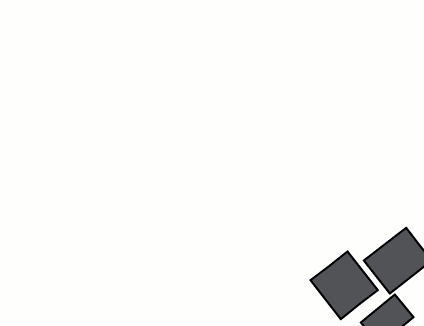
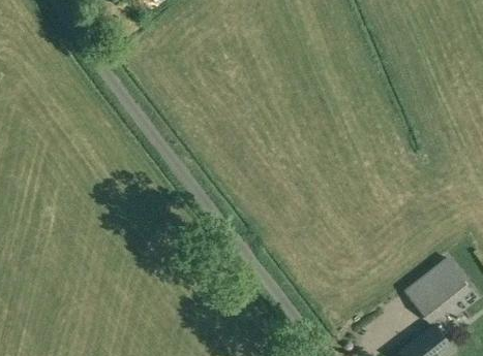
building: [311,251,378,319] -> none

